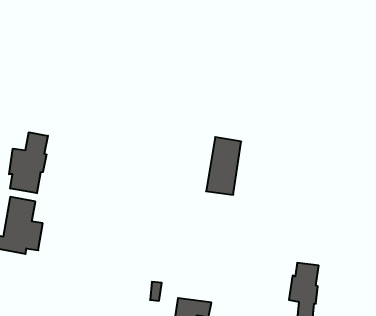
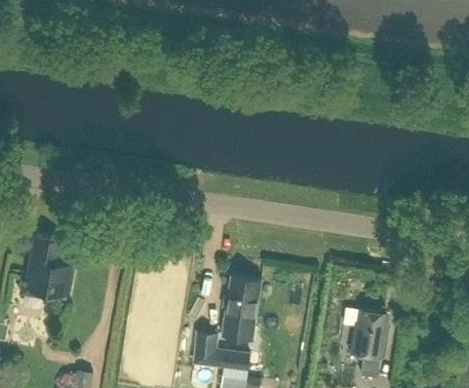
building: [9,132,48,193] -> none
building: [206,137,241,195] -> [221,276,261,342]

